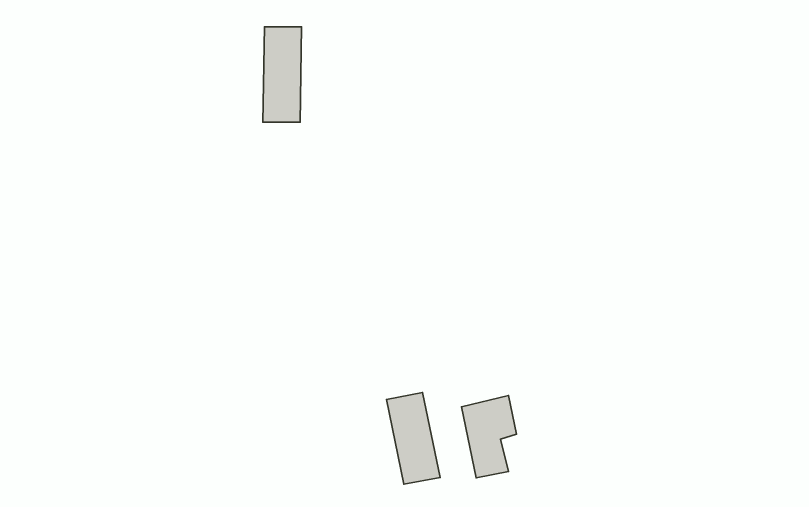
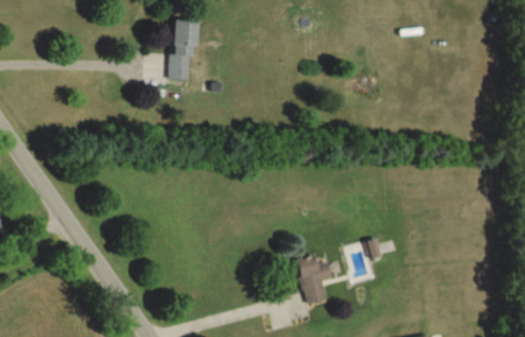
building: [386,393,440,484] -> none

